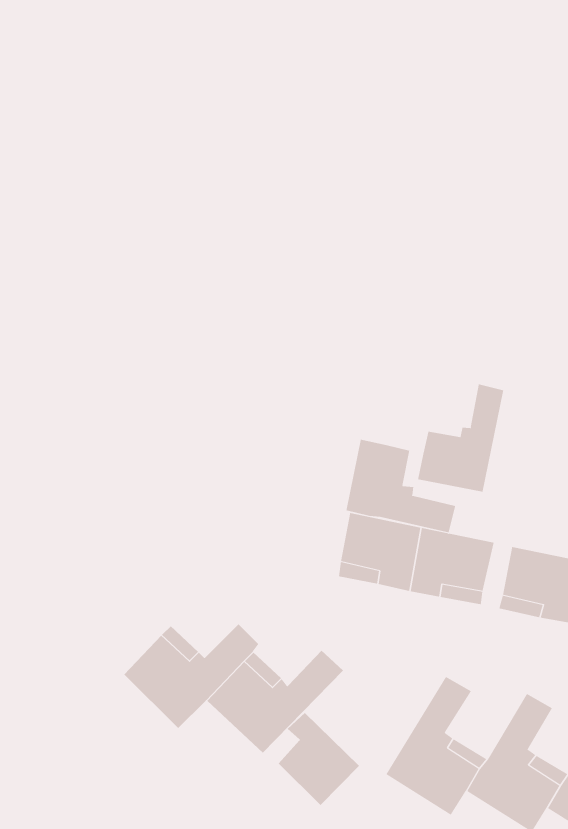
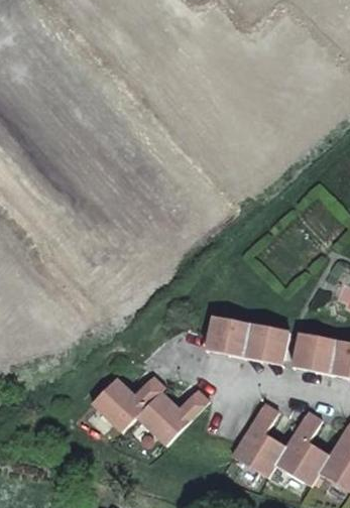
building: [417,384,504,492] -> none
building: [346,439,456,533] -> none
building: [278,712,360,806] -> none

